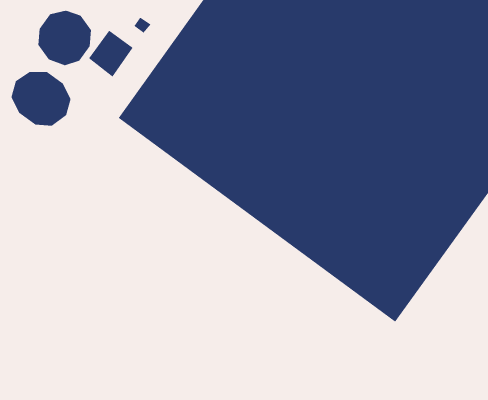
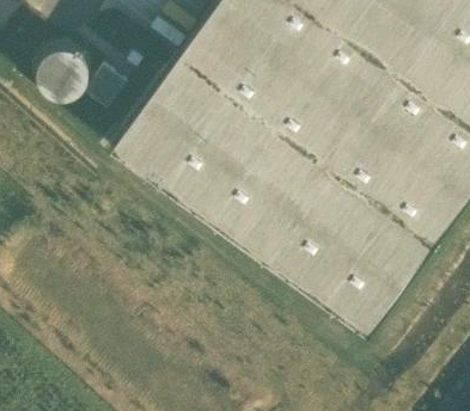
building: [11,71,71,126] -> none

